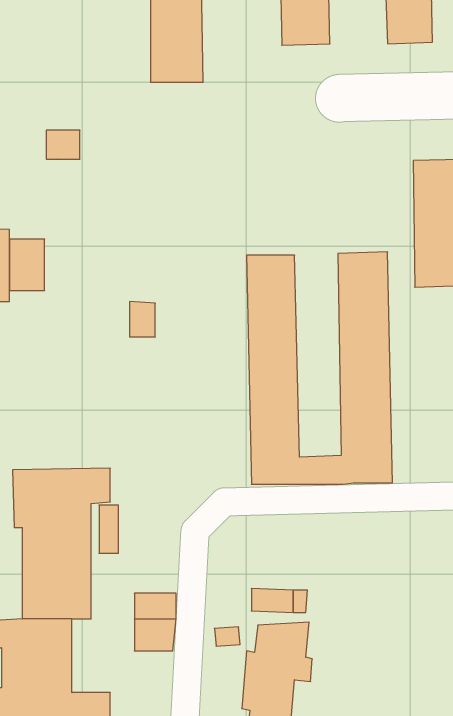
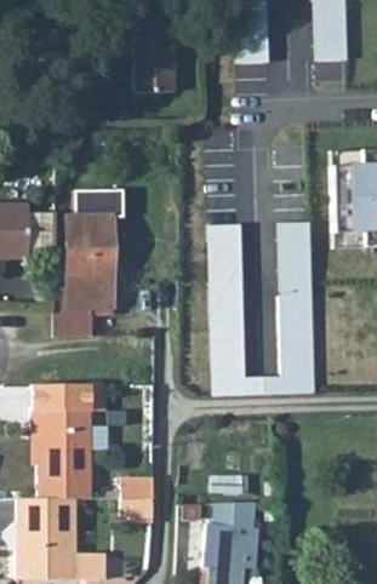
building: none -> [53,189,120,336]

